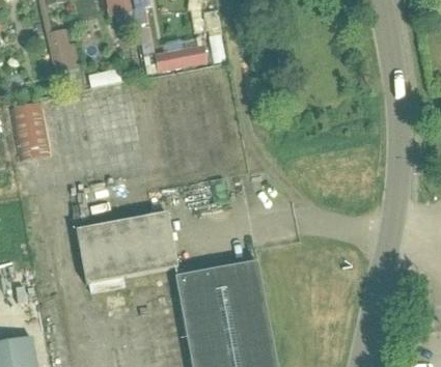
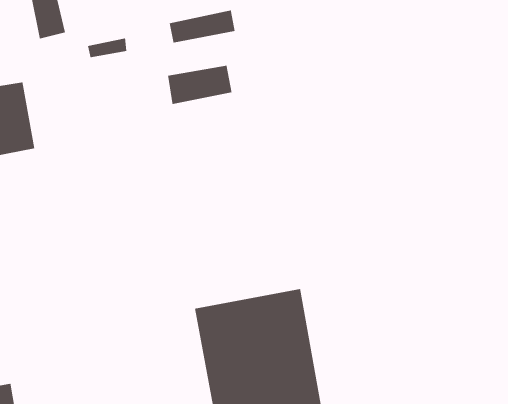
building: none -> [168,65,232,105]
building: [76,213,177,291] -> none

